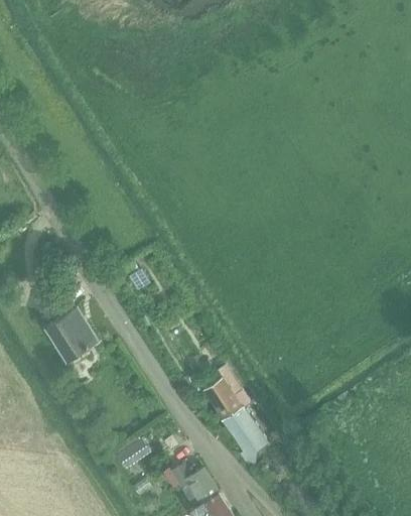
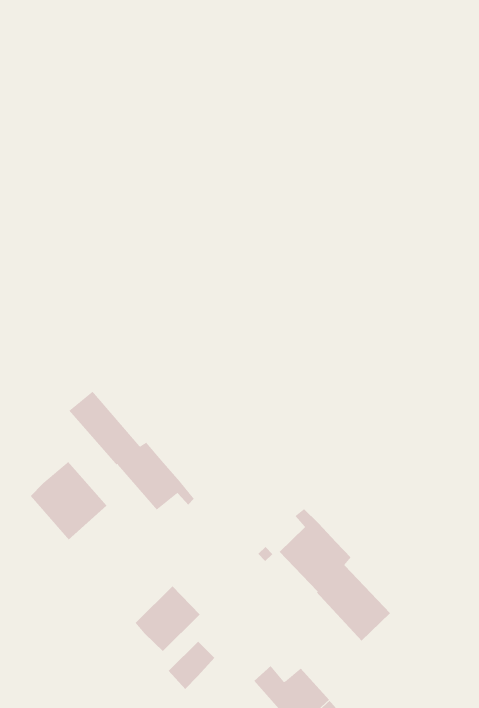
building: none -> [69,391,195,511]
building: none -> [135,586,200,652]

